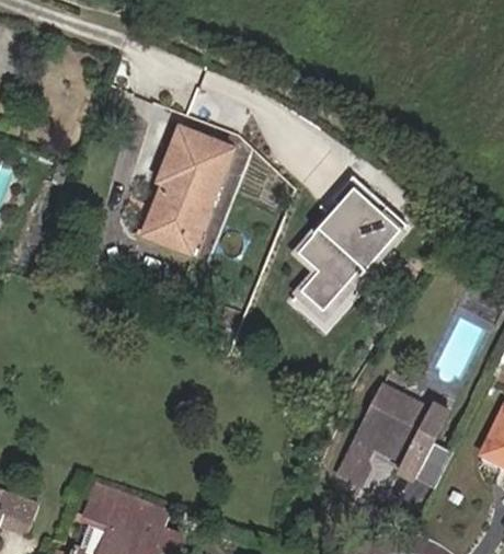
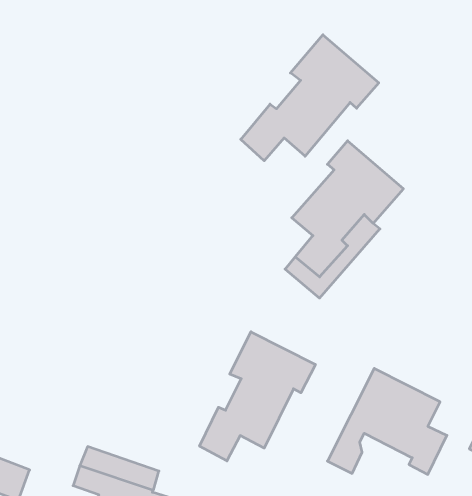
building: none -> [241,35,379,161]
building: [148,126,236,249] -> none
building: none -> [200,332,315,461]

